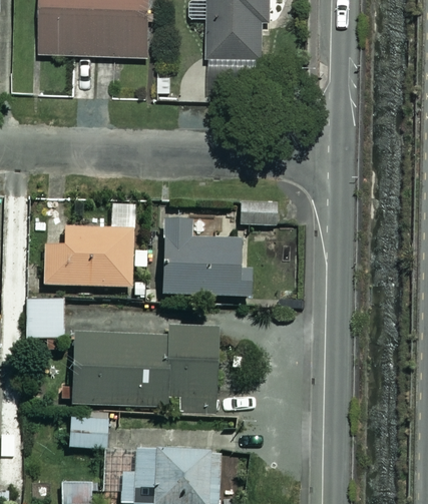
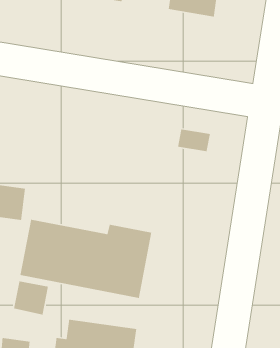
building: [162,216,245,296] -> none
building: [46,225,134,286] -> none

